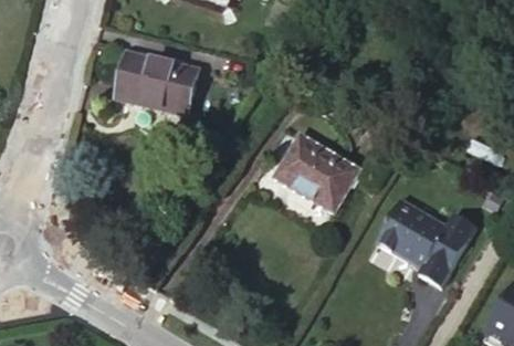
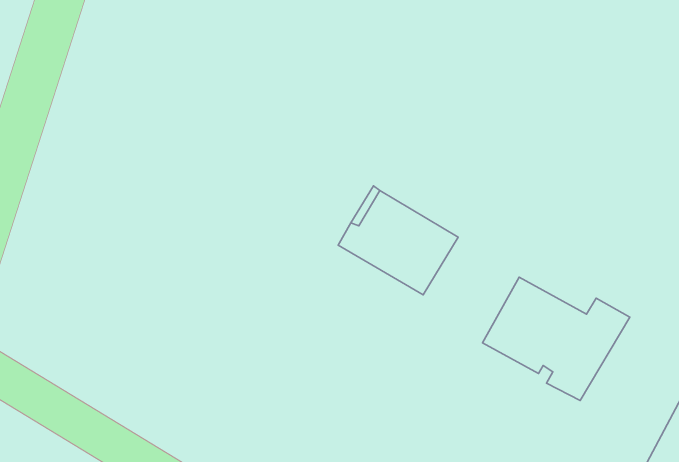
building: [117,53,198,111] -> none

